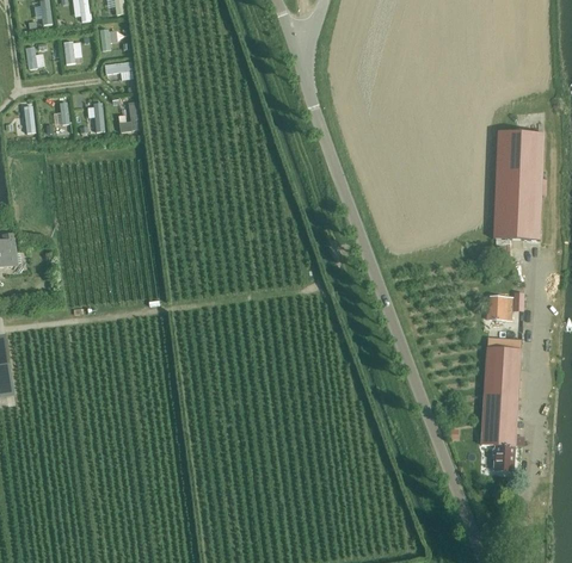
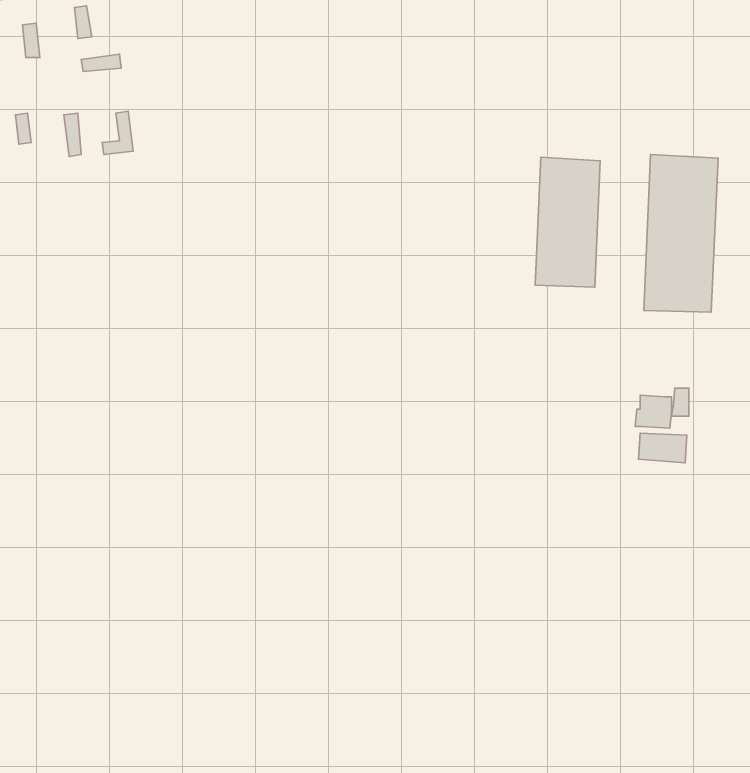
building: none -> [535,157,600,287]
building: [480,347,521,469] -> none

